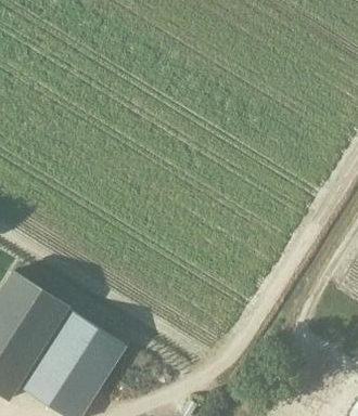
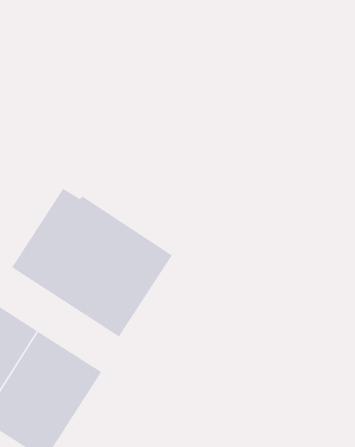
building: none -> [11,188,173,337]

